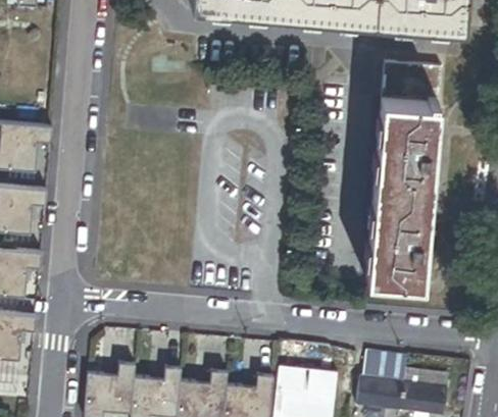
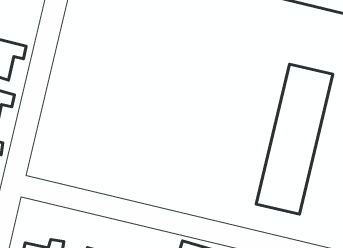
building: [384,62,443,102] -> none

